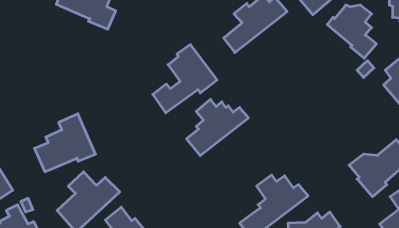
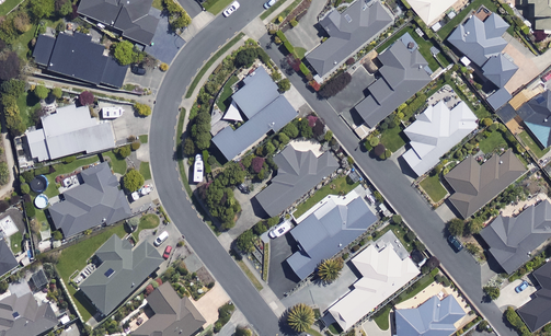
building: none -> [33,26,127,89]
building: none -> [355,38,431,127]
building: none -> [401,95,478,176]
building: none -> [26,102,116,162]
building: none -> [444,146,527,219]
building: none -> [286,193,378,279]

